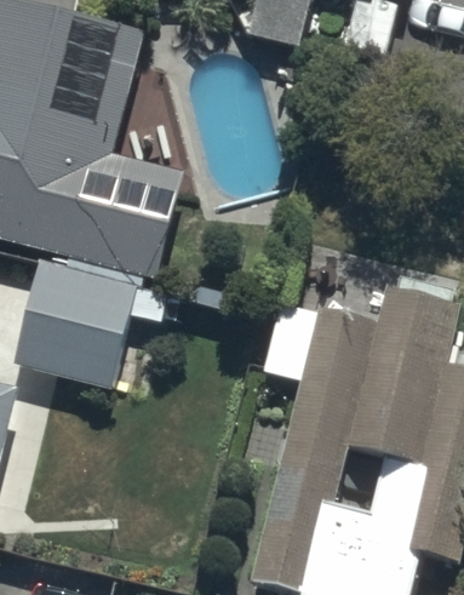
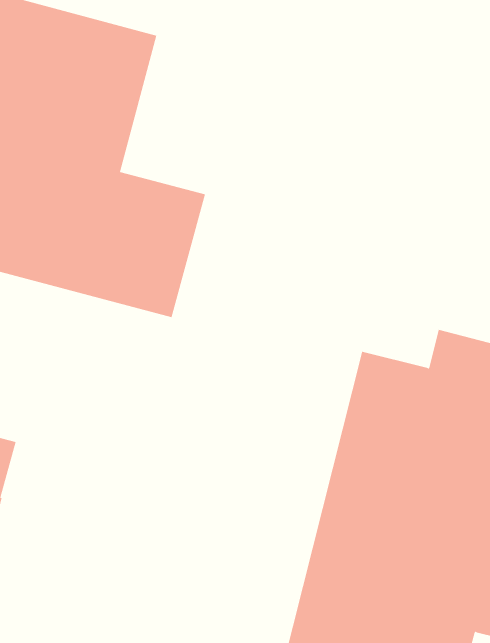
building: [12,261,136,388] -> none

